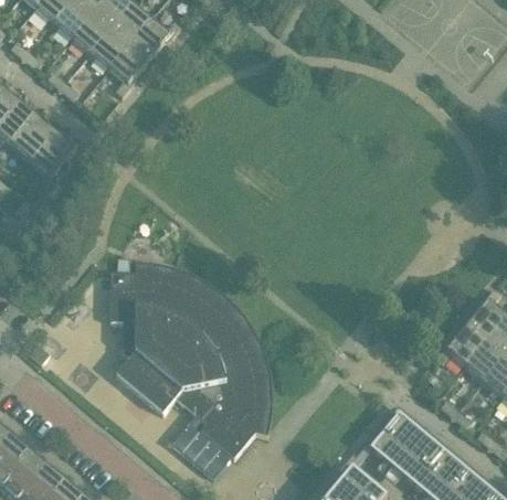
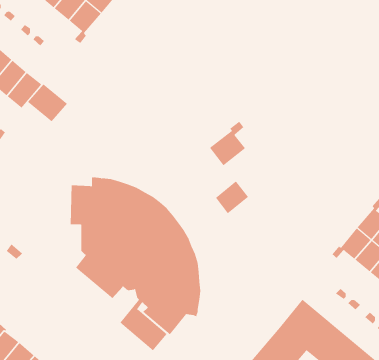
building: none -> [27,84,68,122]
building: none -> [209,121,246,166]
building: none -> [215,181,249,214]

